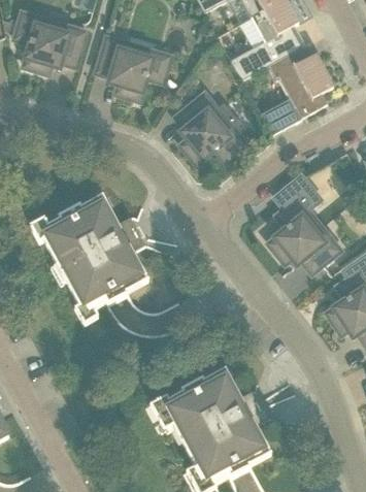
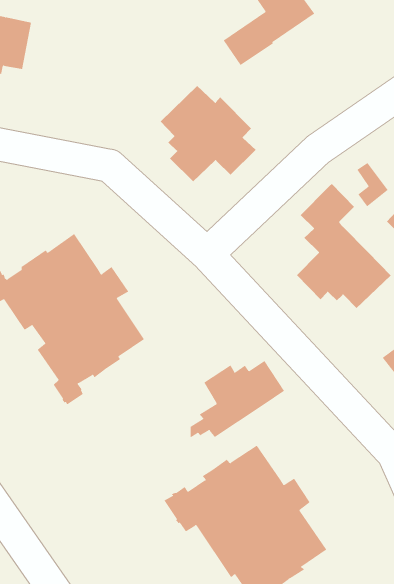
building: [96,36,171,100] -> none
building: [260,45,334,135] -> none
building: none -> [190,360,285,439]

